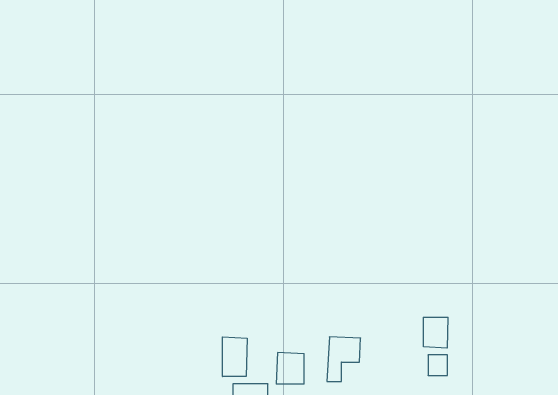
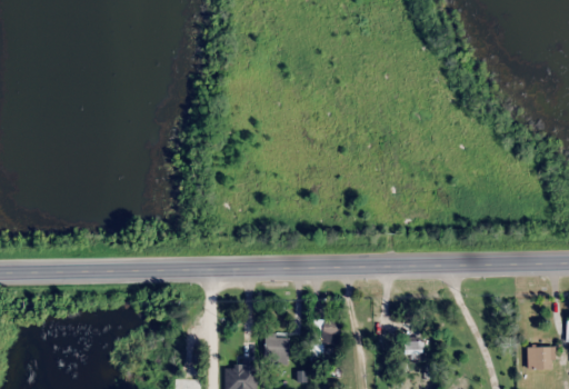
building: [423,317,448,348] -> none
building: [223,337,247,377] -> none

